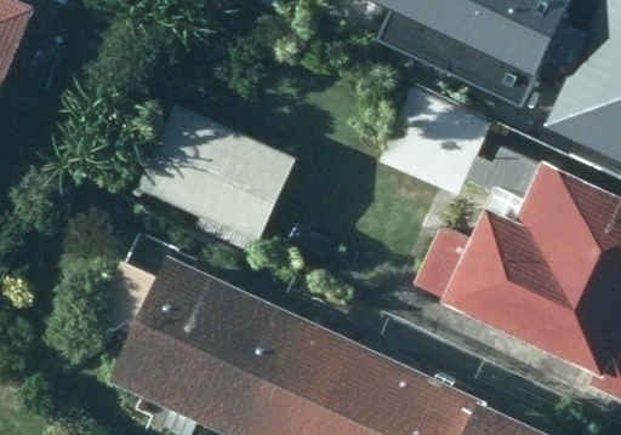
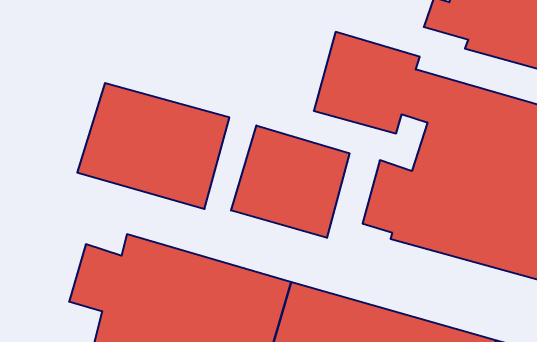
building: none -> [231,125,350,238]

